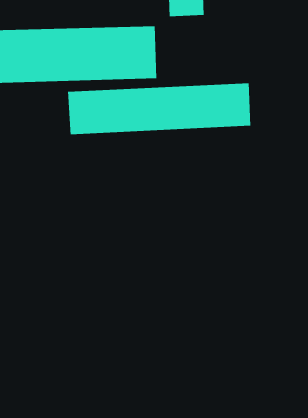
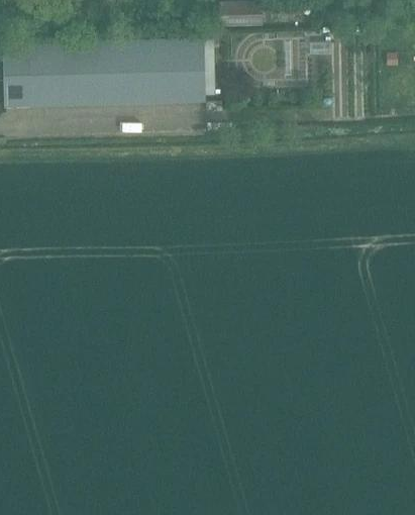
building: [67,83,251,135] -> none

